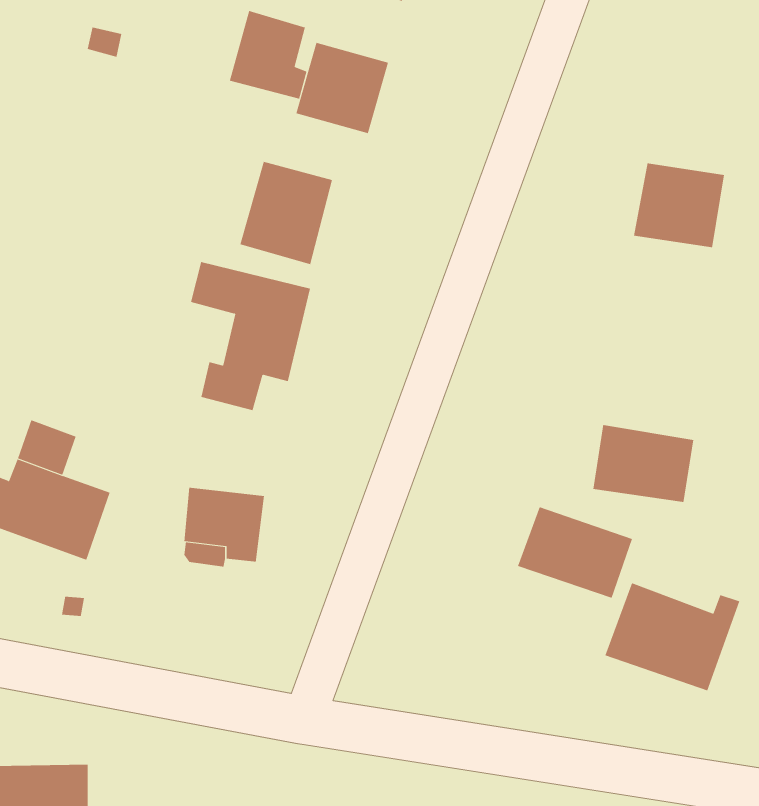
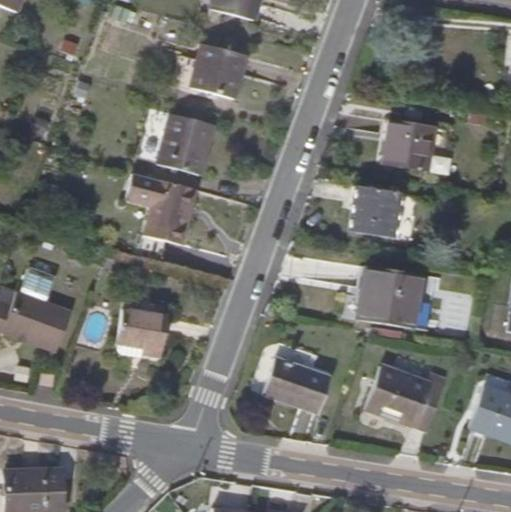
building: [229,10,307,100] -> none
building: none -> [352,184,401,236]
building: [517,507,633,598] -> [264,358,332,412]

